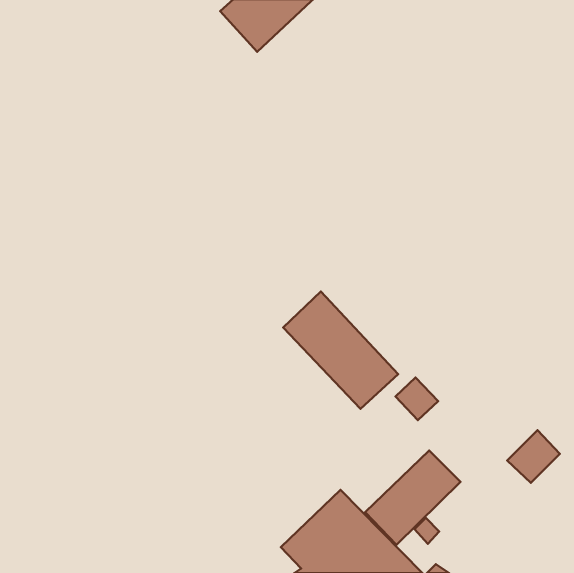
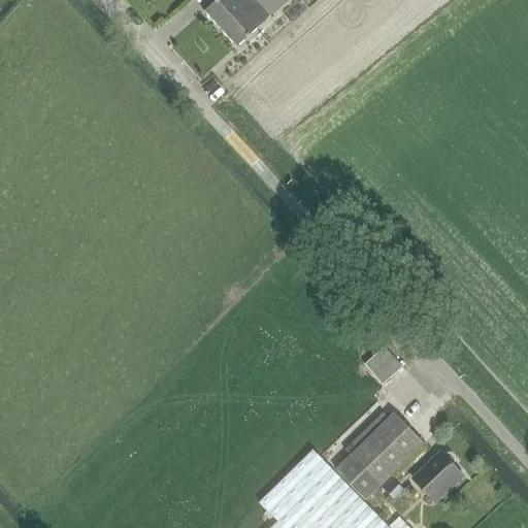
building: [283,291,398,409] -> none
building: [507,430,560,483] -> [414,453,462,501]

